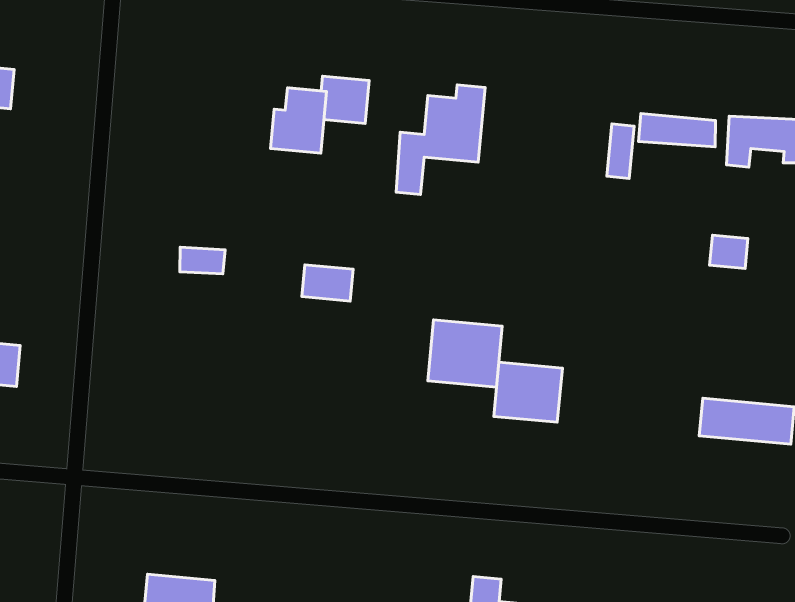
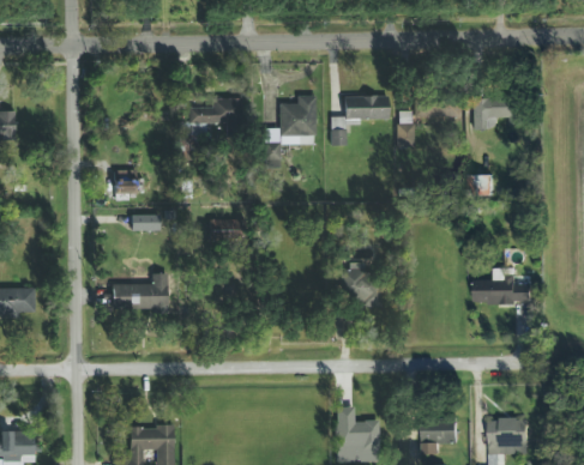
building: none -> [331,97,390,145]
building: none -> [113,169,137,198]
building: [428,320,502,387] -> none
building: none -> [110,273,169,308]

